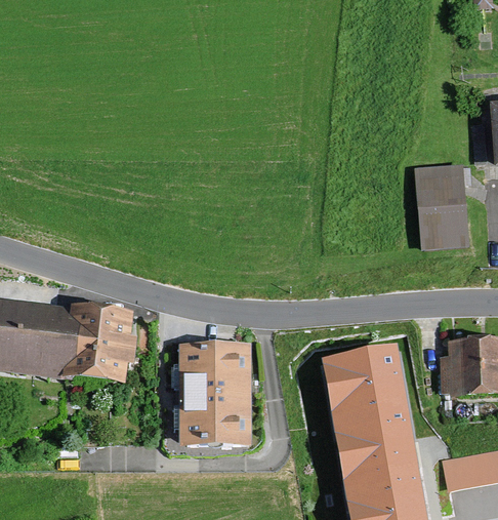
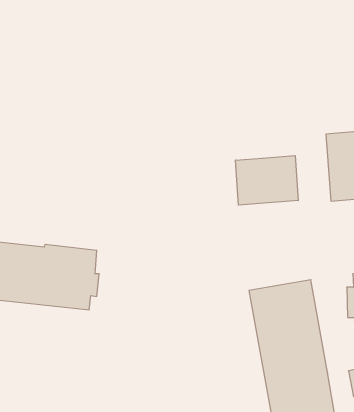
building: none -> [236,156,298,205]
building: [179,343,252,446] -> none

